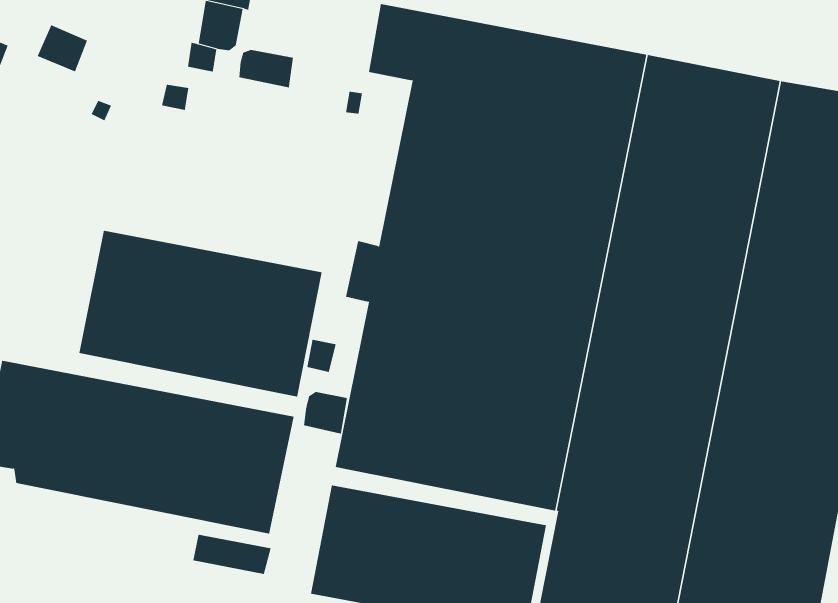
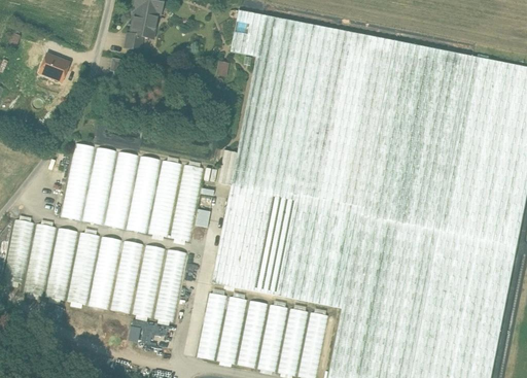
building: [37,25,88,72] -> [40,54,70,81]
building: [239,49,293,89] -> none
building: [304,391,347,435] -> none

